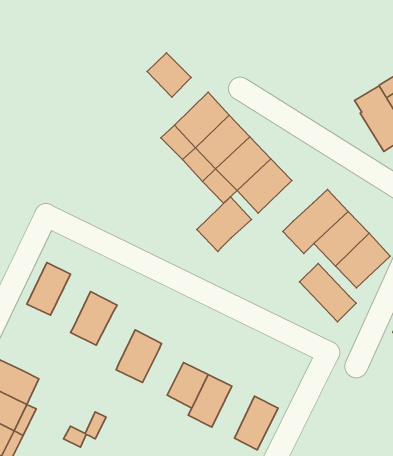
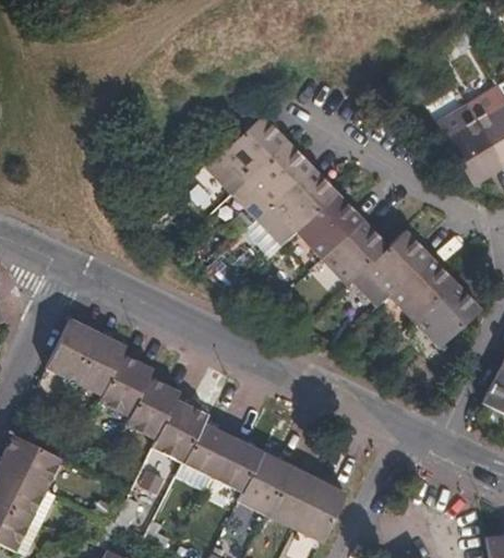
building: [147,53,191,97] -> none
building: [197,197,251,251] -> [323,220,388,286]
building: [299,264,356,322] -> none
building: none -> [74,332,125,396]
building: none -> [125,377,180,439]
building: none -> [184,423,233,477]
building: none -> [267,466,319,529]

